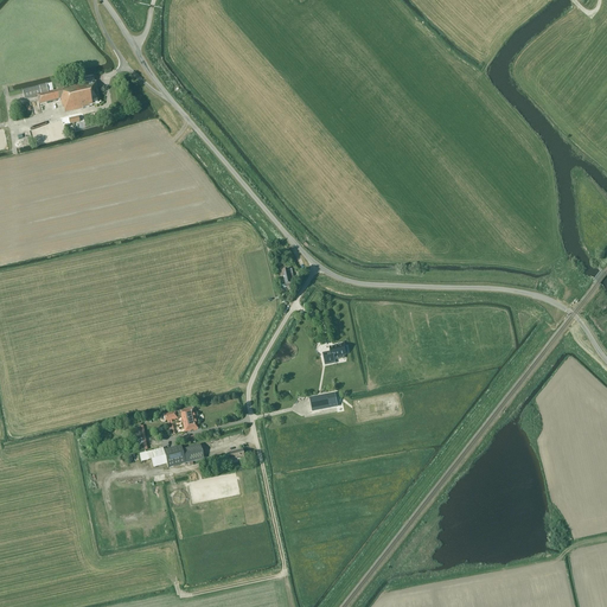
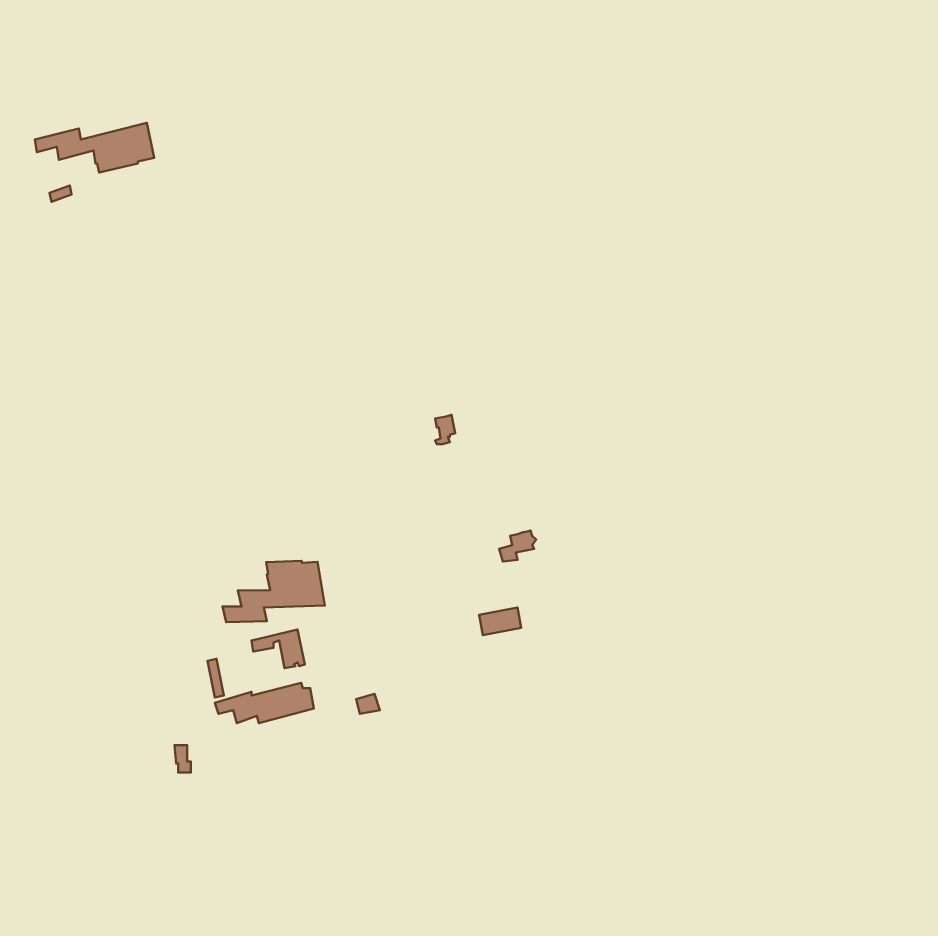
building: none -> [223,561,325,622]

